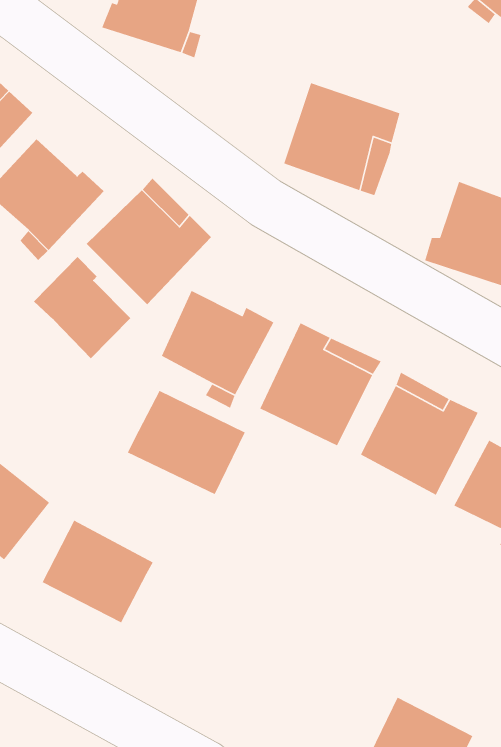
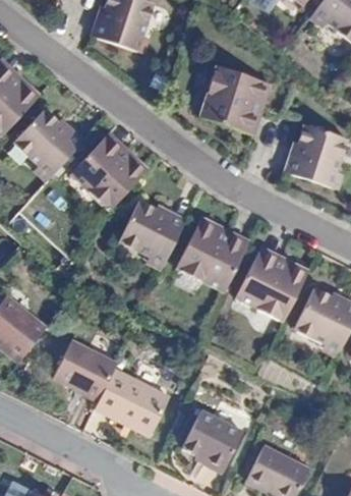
building: [33,256,131,359] -> none
building: [127,390,246,495] -> [91,369,162,432]
building: none -> [177,405,236,463]

